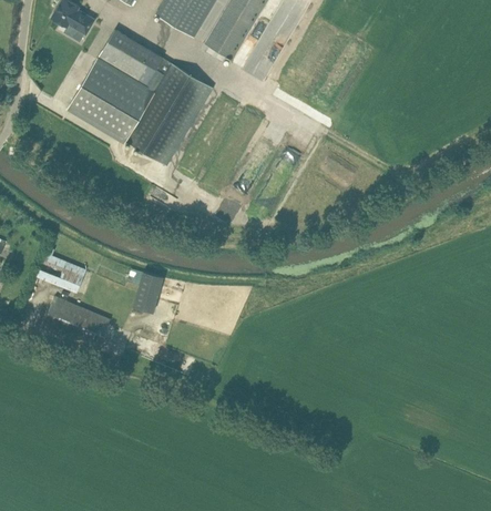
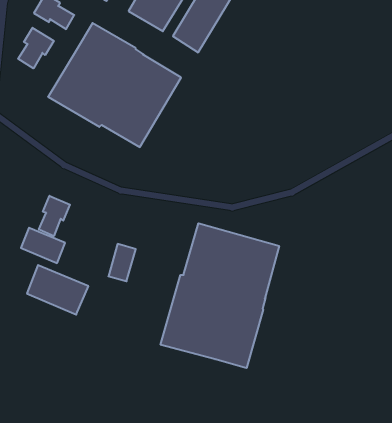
building: none -> [18,28,54,68]
building: none -> [39,196,70,236]
building: none -> [161,223,279,368]

